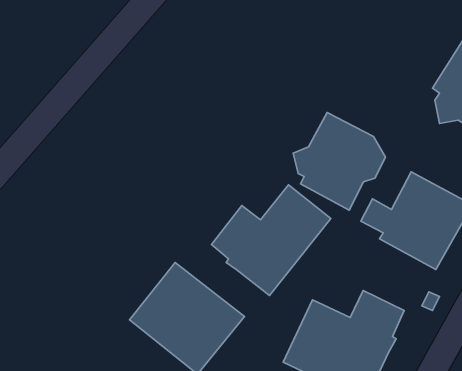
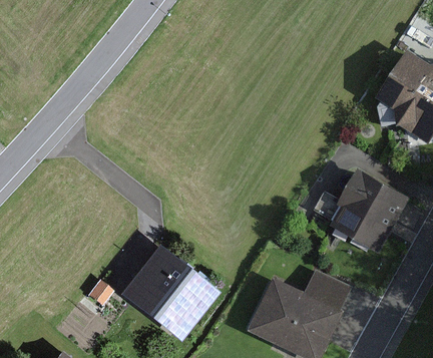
building: [293,112,386,210] -> none
building: [211,185,331,296] -> none

